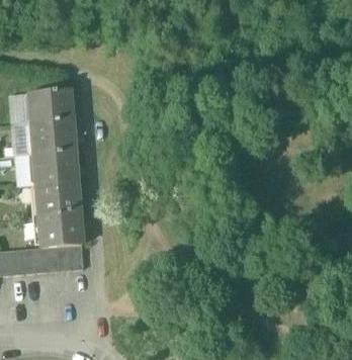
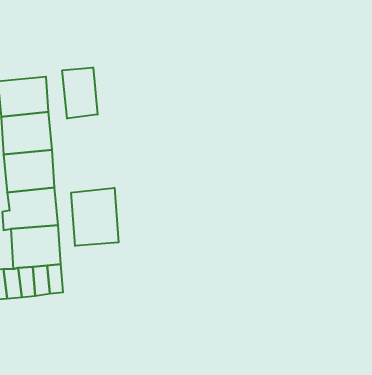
building: none -> [62,67,98,119]
building: none -> [71,188,119,246]

